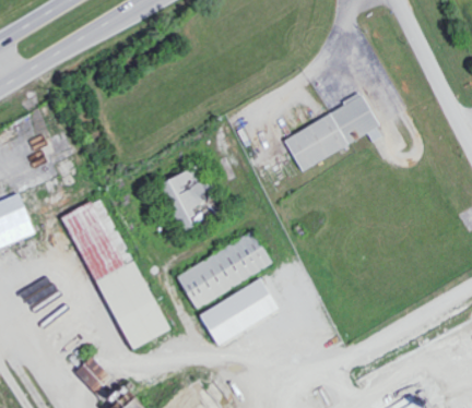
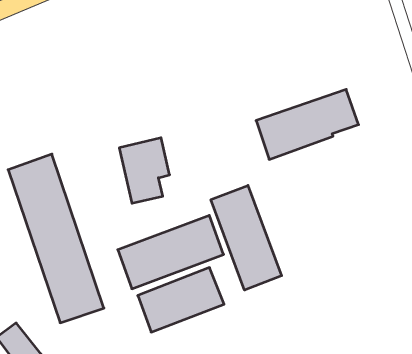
building: none -> [211,185,282,290]

